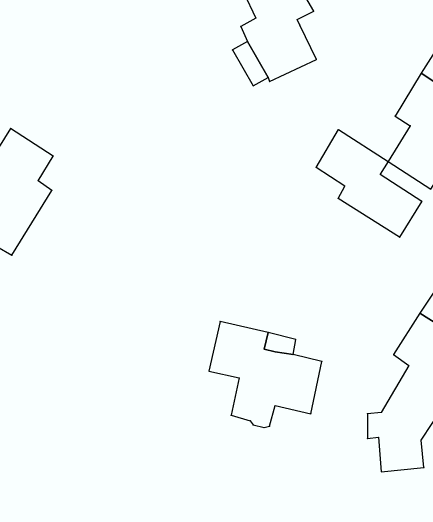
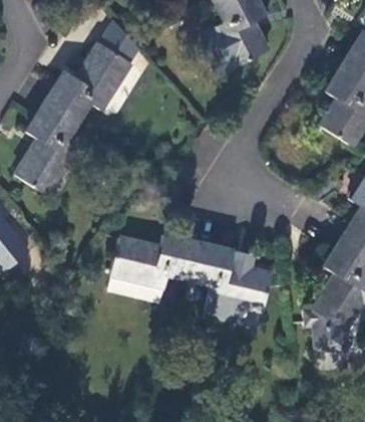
building: none -> [45,19,139,121]
building: [316,130,422,237] -> none
building: none -> [108,233,198,302]

